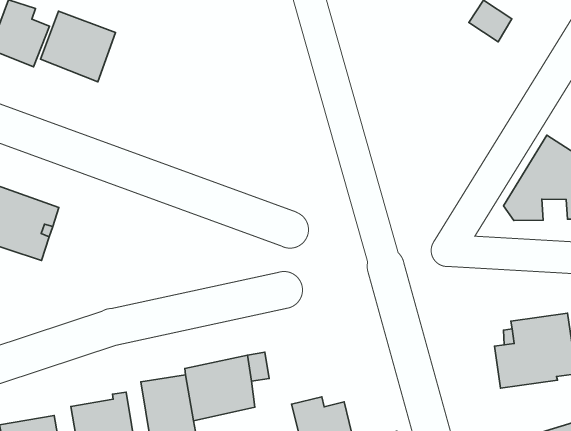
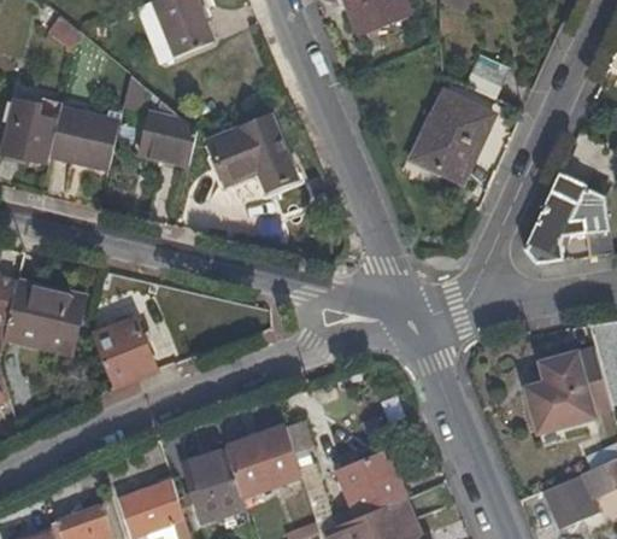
building: none -> [139,105,196,165]
building: none -> [413,83,493,172]
building: none -> [206,119,295,192]
building: none -> [93,321,158,391]

